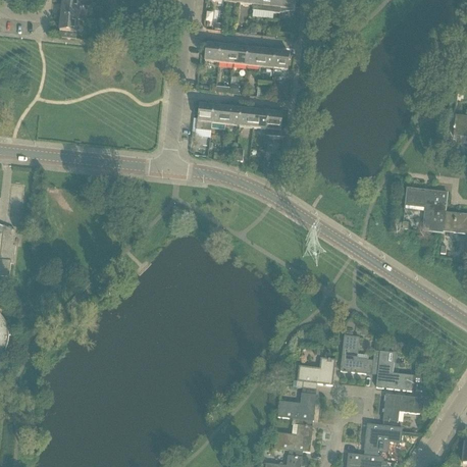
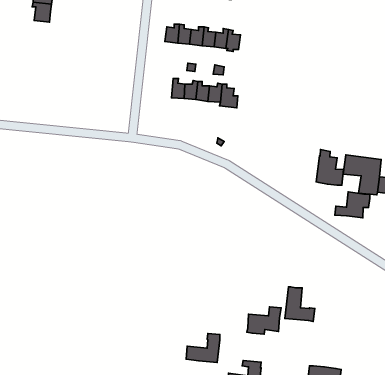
building: [196,100,213,131] -> none
building: none -> [316,150,344,185]
building: none -> [335,192,370,218]
building: [370,350,423,390] -> none
building: [277,386,315,419] -> [186,334,220,363]
building: [382,394,420,426] -> none

